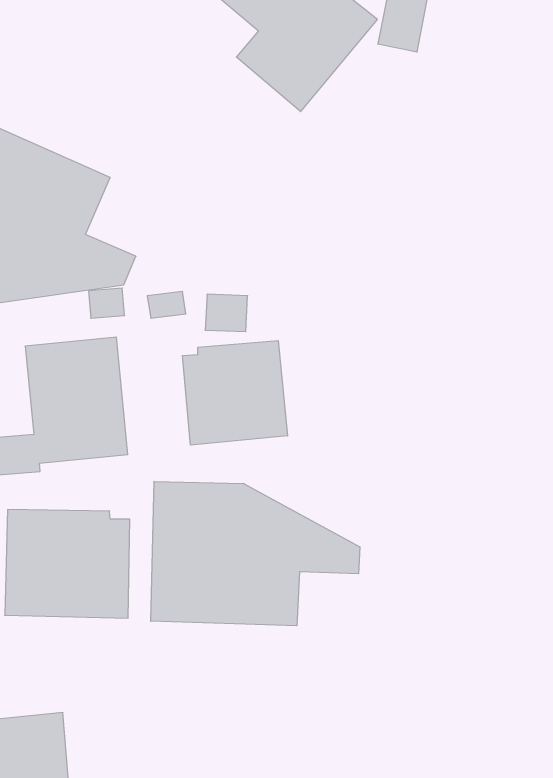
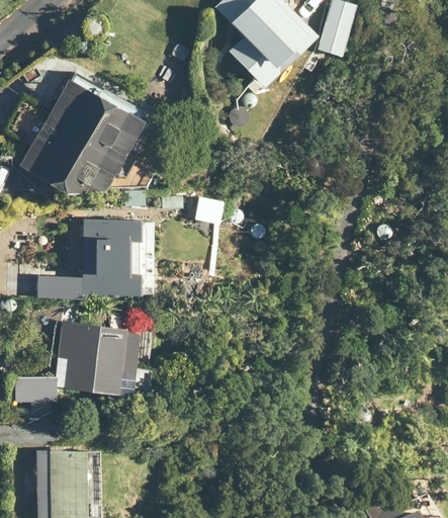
building: [183,341,288,445] -> none
building: [151,481,360,626] -> none

